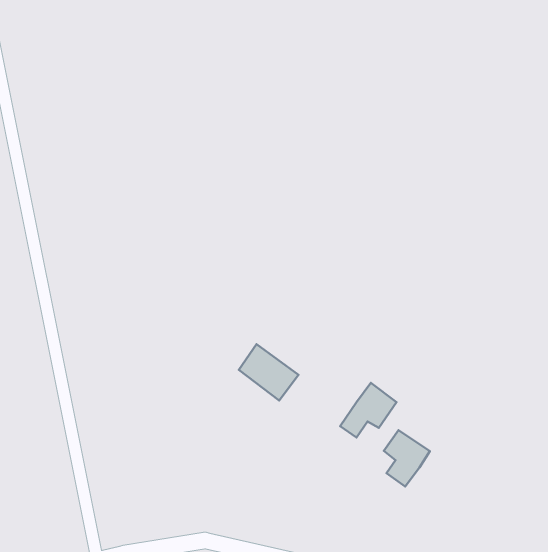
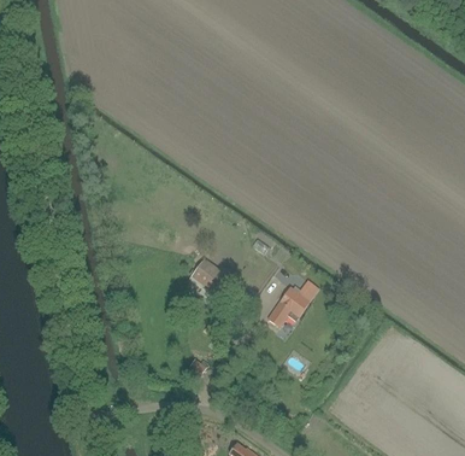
building: [384,430,430,486] -> none

